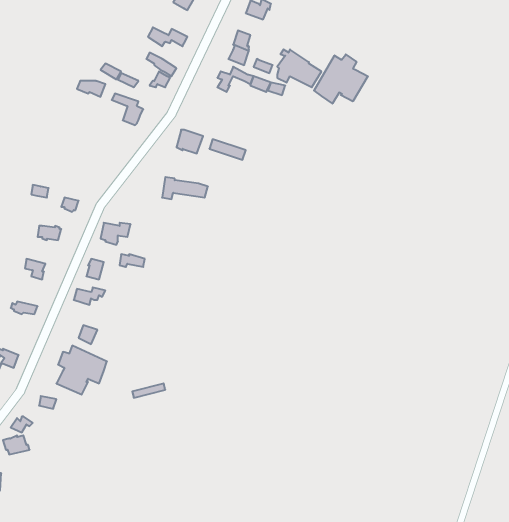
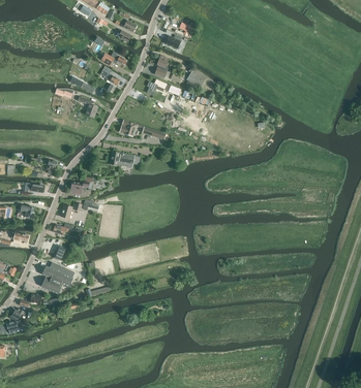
building: [314,54,368,104] -> none

